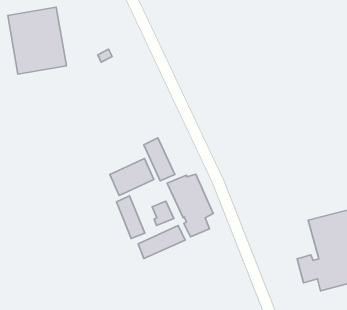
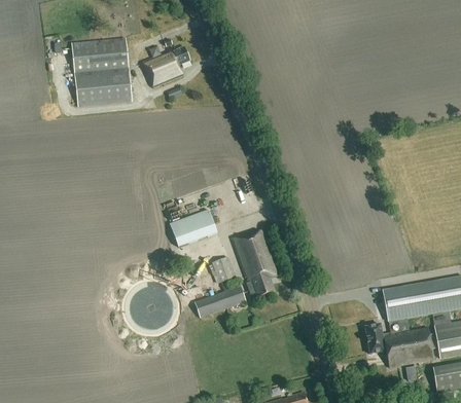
building: none -> [142,45,190,88]
building: [144,138,175,181] -> none
building: [117,196,145,238] -> none

